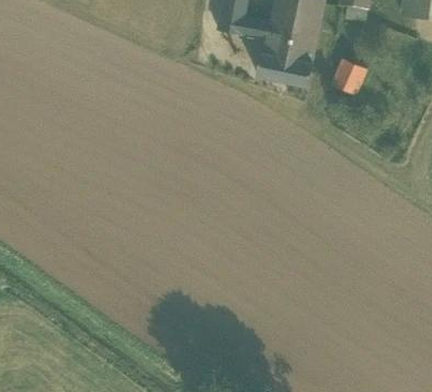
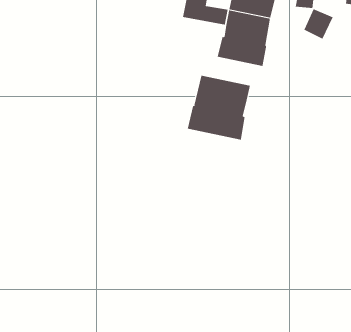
building: [333,58,367,93] -> [304,9,333,39]
building: none -> [187,75,251,140]

